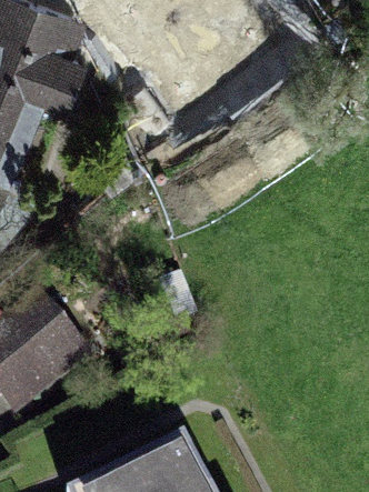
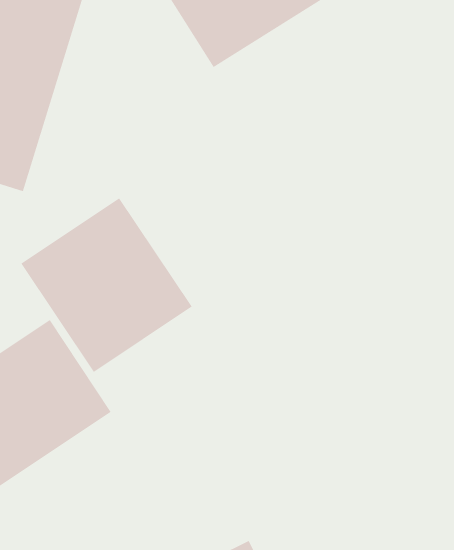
building: none -> [21,198,193,373]

